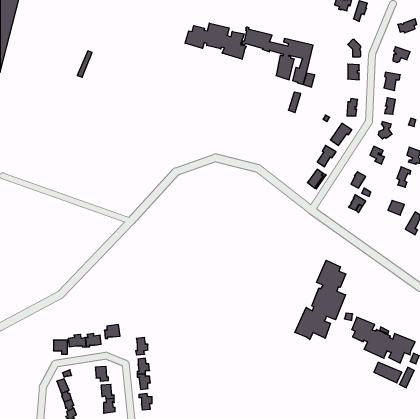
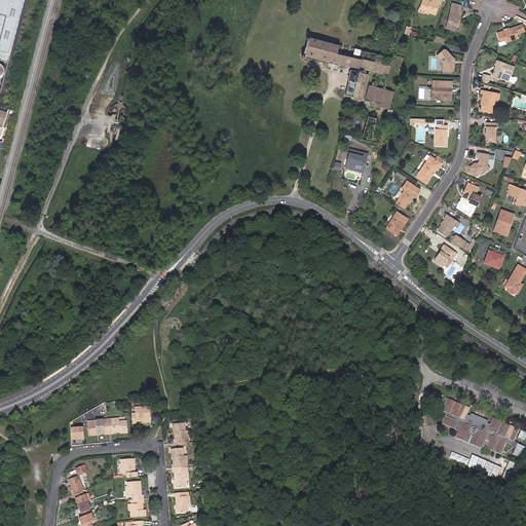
building: [185,23,246,59] -> none
building: none -> [344,147,368,172]
building: [295,260,346,340] -> none

